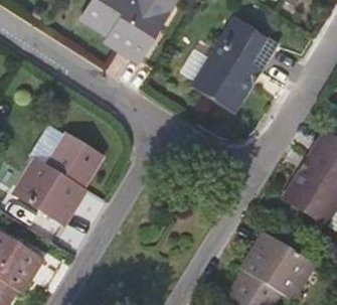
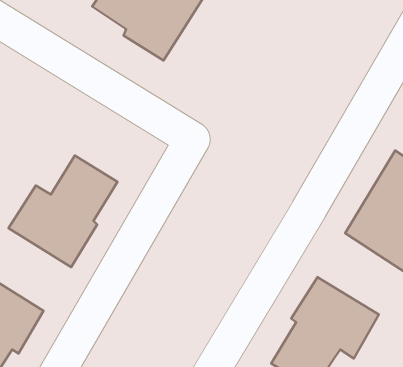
building: [179,20,275,111] -> none

